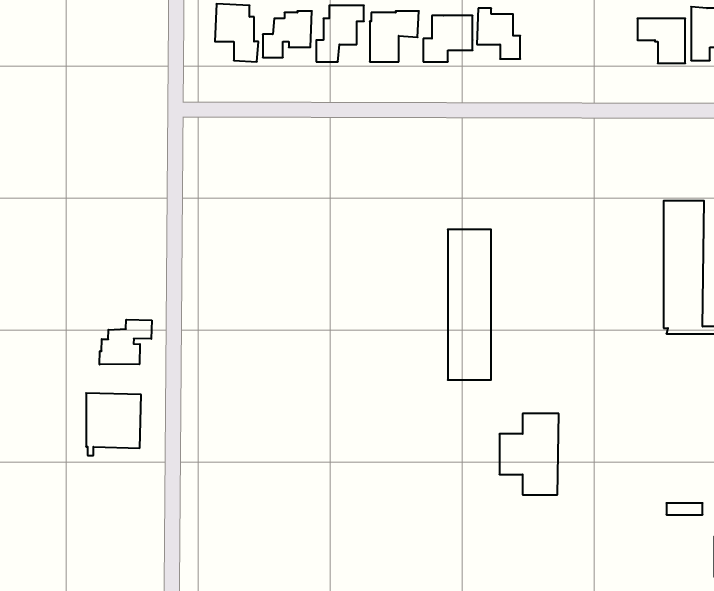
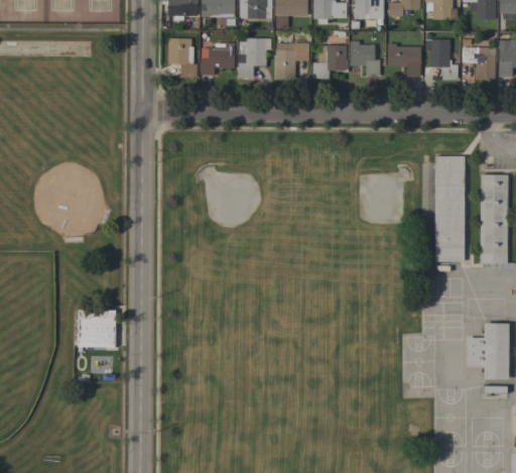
building: none -> [425,39,458,79]
building: none -> [387,43,421,77]
building: [448,229,491,380] -> [434,156,465,261]
building: [100,320,152,365] -> none
building: [499,414,559,495] -> [468,323,509,379]

